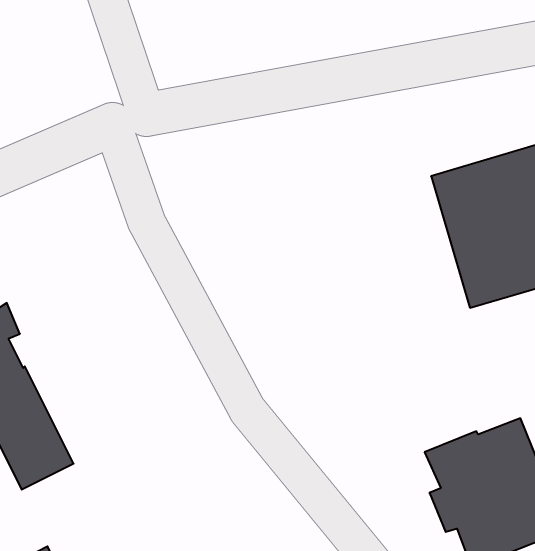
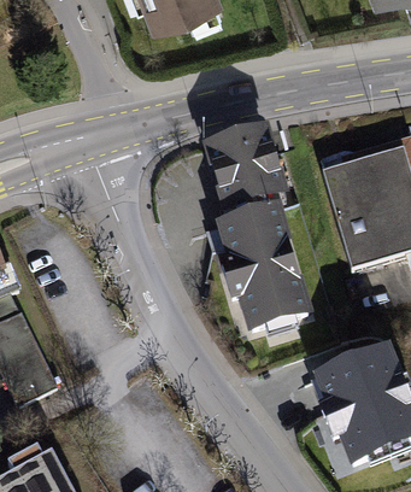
building: none -> [206,131,307,328]

